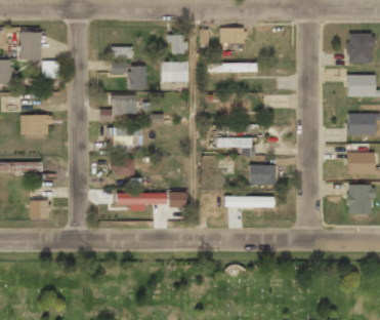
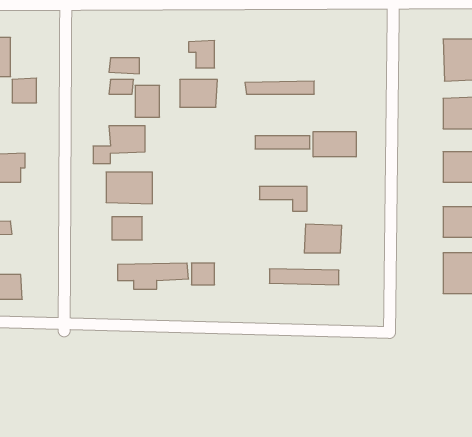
building: [219,27,245,43] -> none
building: none -> [313,132,356,157]

